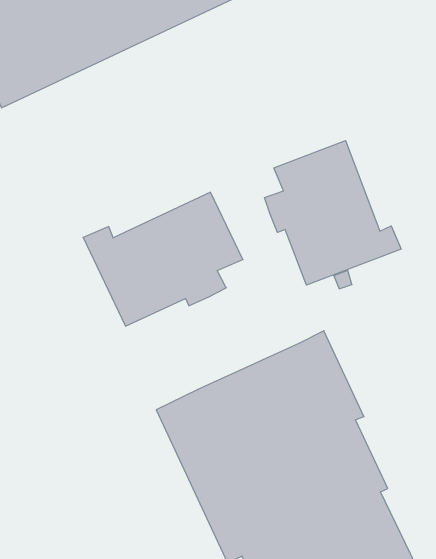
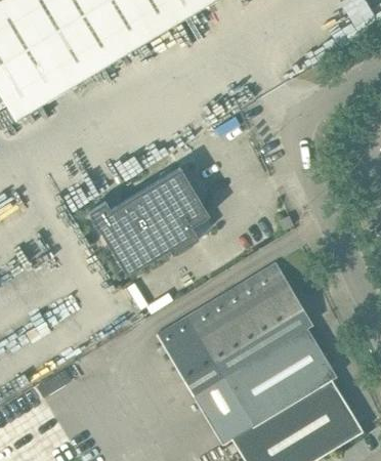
building: [265,141,401,285] -> none

